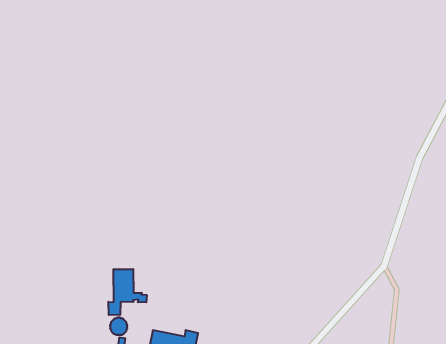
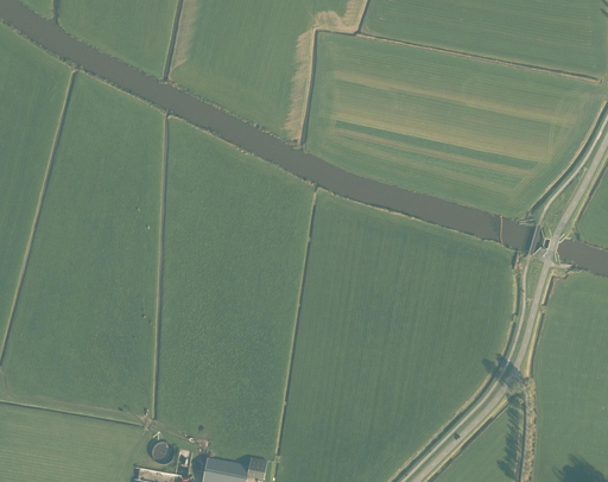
building: [108,269,147,315] -> none

